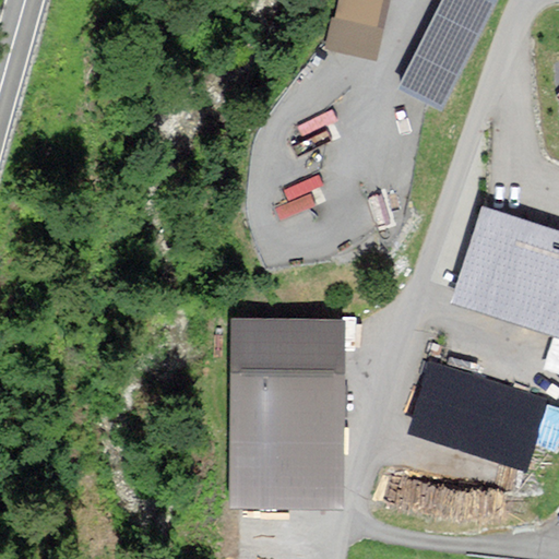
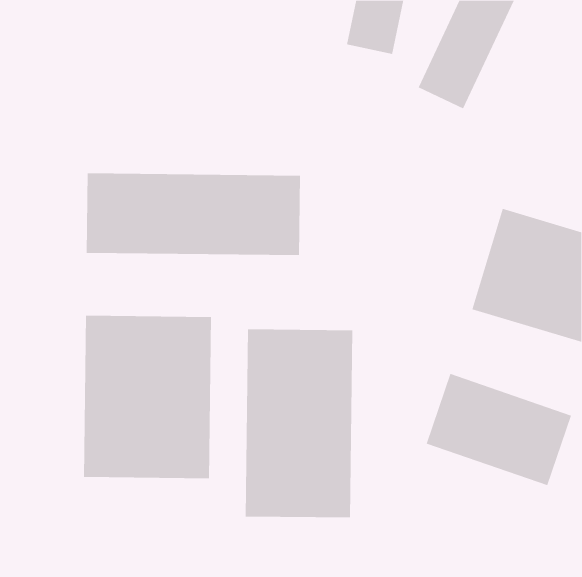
building: none -> [86,173,301,256]
building: none -> [84,315,212,479]

